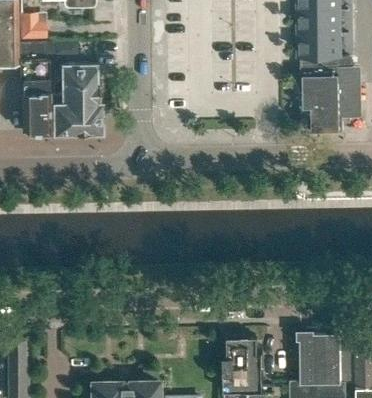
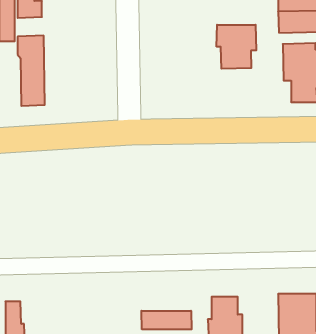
building: none -> [217,25,256,69]
building: [52,63,101,133] -> none
building: none -> [141,311,192,329]

